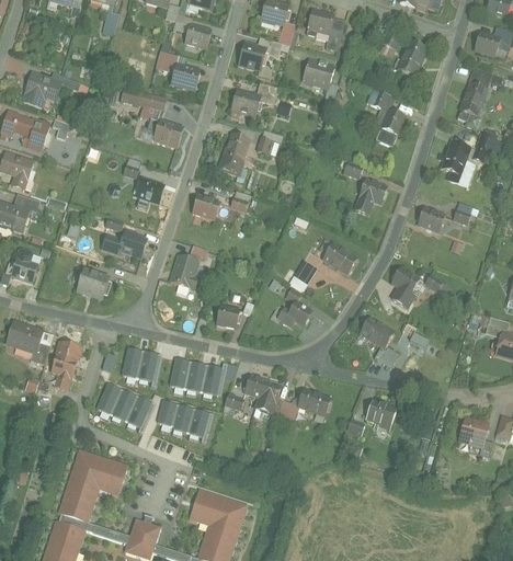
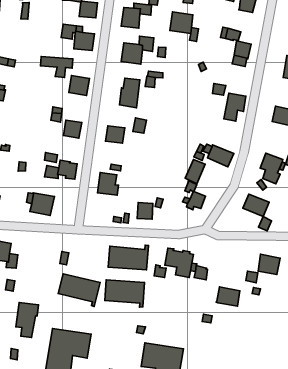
building: [48,340,83,389] -> [16,302,39,338]
building: [118,344,160,385] -> none
building: [296,386,330,415] -> [216,287,240,306]

